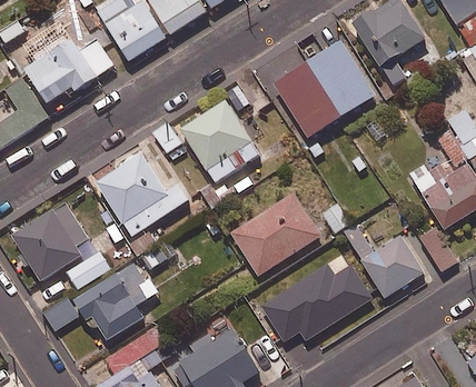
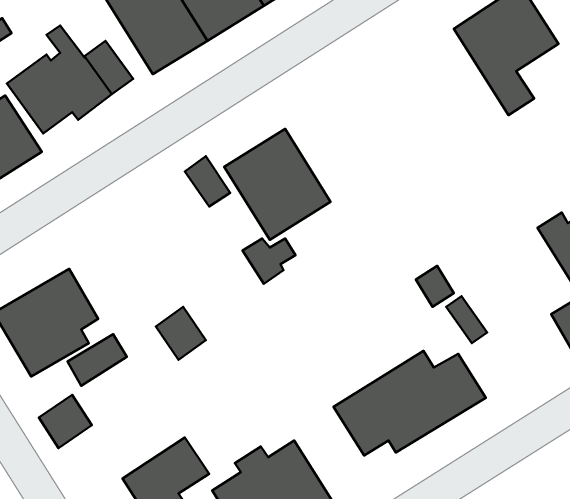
building: [271,41,375,139] -> none
building: [96,152,187,236] -> none
building: [230,192,320,276] -> none
building: [360,235,424,298] -> none
building: [75,261,153,344] -> none

